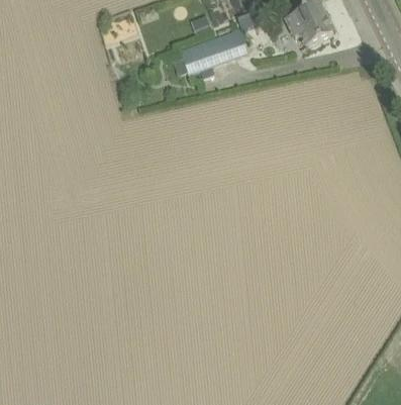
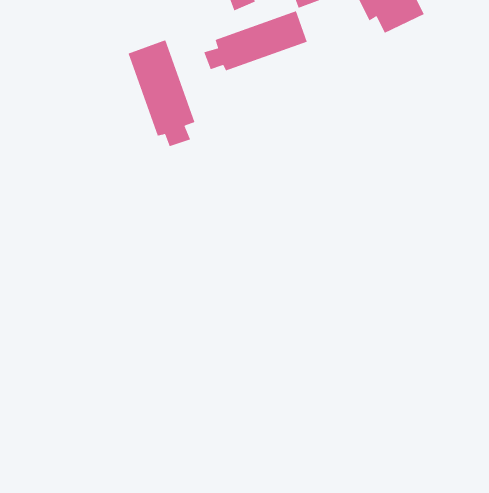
building: none -> [127,39,195,147]

